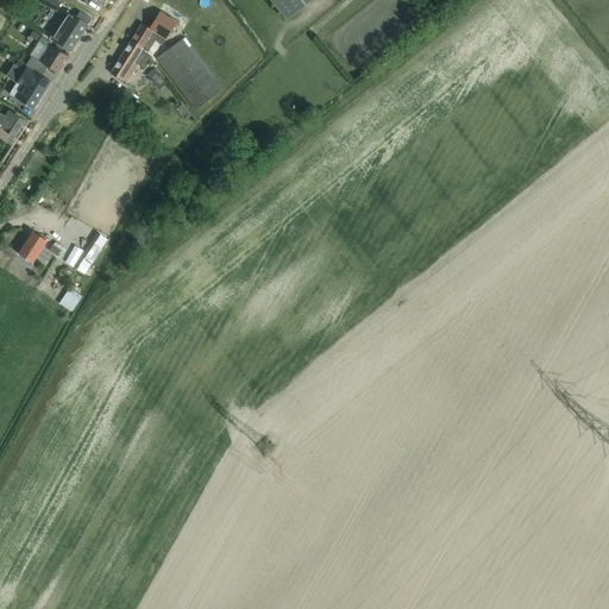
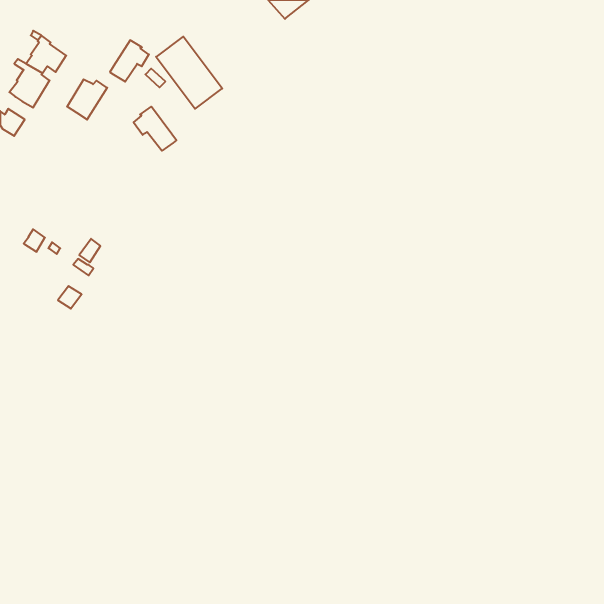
building: [50,11,90,51] -> [67,79,107,120]
building: [131,11,176,51] -> none
building: none -> [134,107,176,151]

